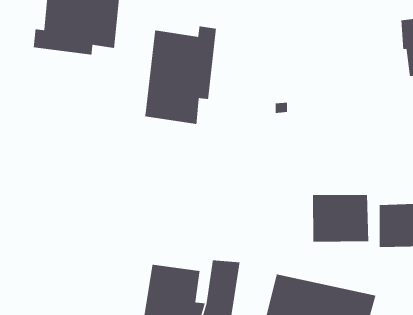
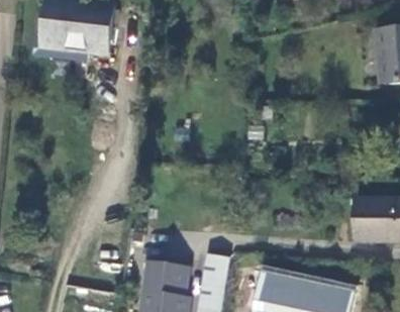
building: [144,26,217,125] -> none
building: [312,194,369,243] -> none

